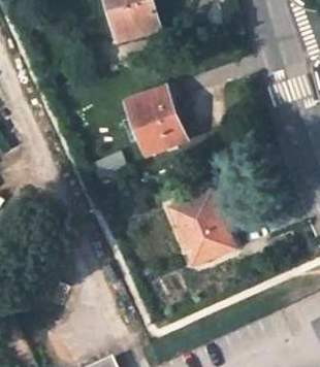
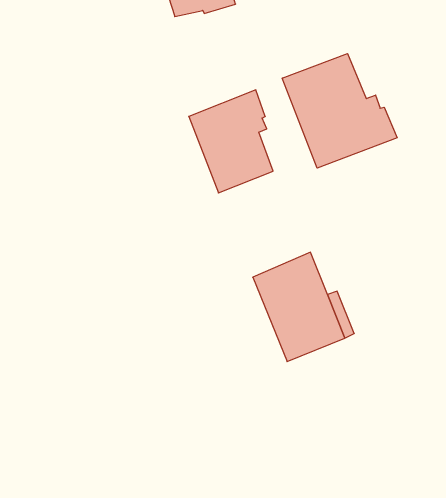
building: none -> [282,54,397,168]

